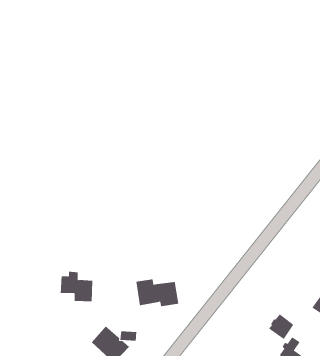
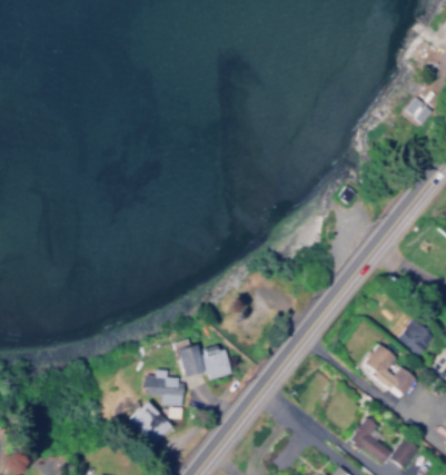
building: [60,271,93,302] -> [145,370,185,407]
building: [268,314,294,340] -> [365,340,396,372]

